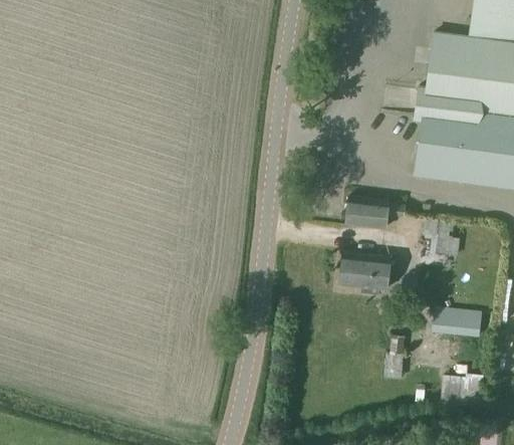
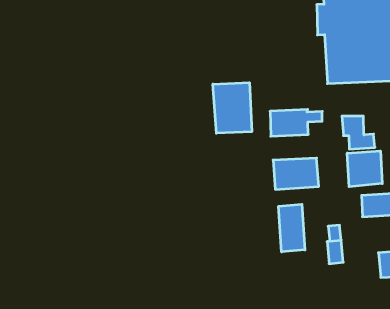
building: none -> [213,83,252,133]
building: none -> [347,151,382,187]
building: none -> [279,204,305,252]

